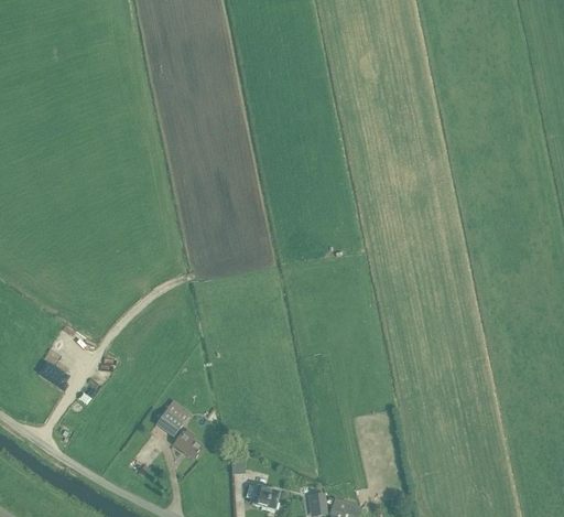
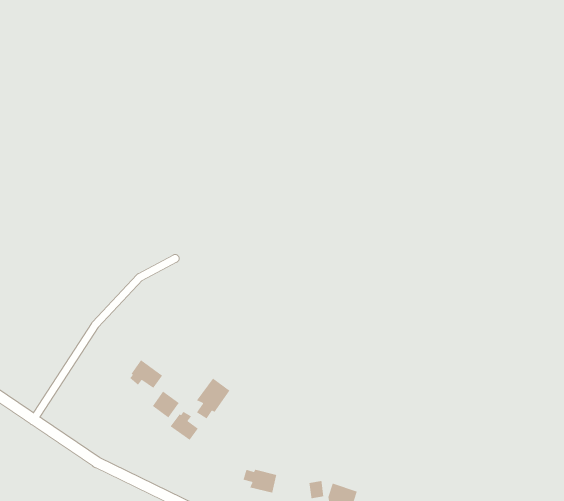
building: none -> [129,359,163,389]
building: none -> [196,377,231,420]

